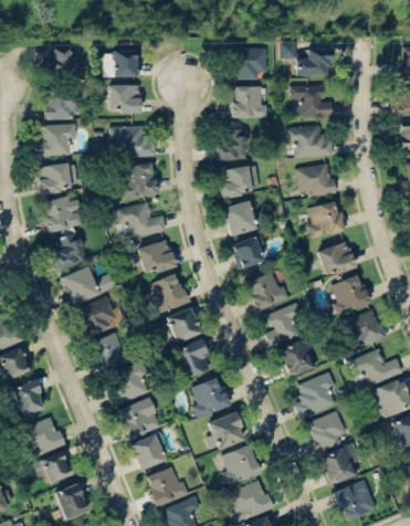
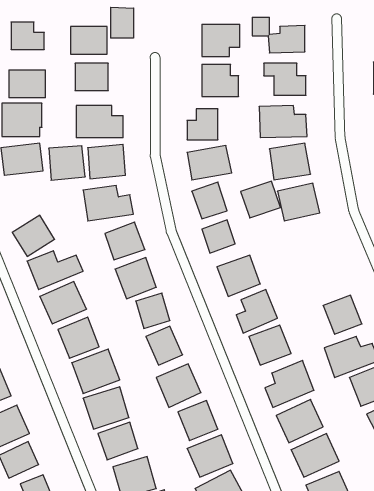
building: none -> [111,7,134,38]
building: [44,197,80,230] -> [49,146,85,180]
building: [317,241,356,276] -> [241,181,281,218]
building: [328,274,370,314] -> none

